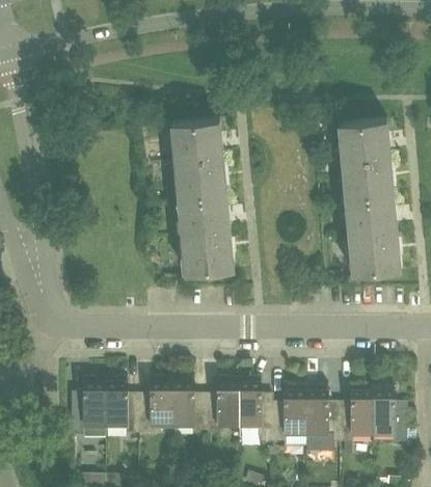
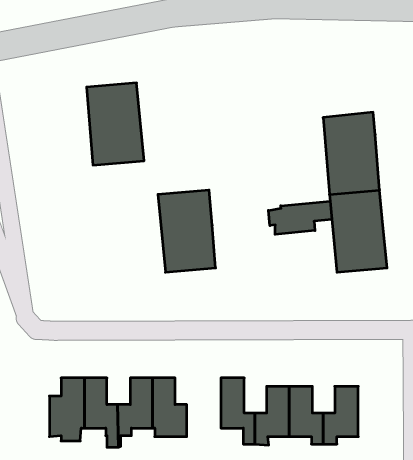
building: [170,121,226,201] -> [87,83,144,165]
building: none -> [268,201,332,234]
building: [205,379,238,437] -> none
building: [372,388,406,445] -> none

